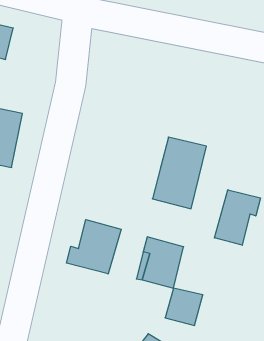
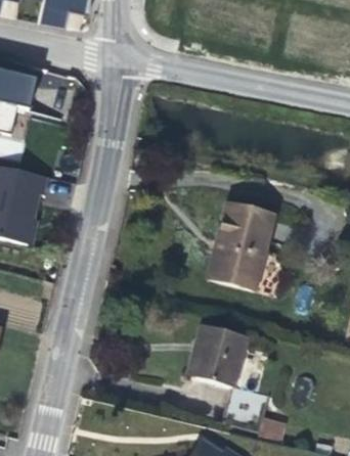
building: [214,190,260,245] -> none
building: [67,220,121,274] -> none

